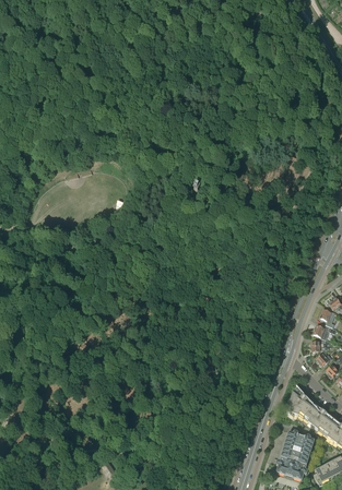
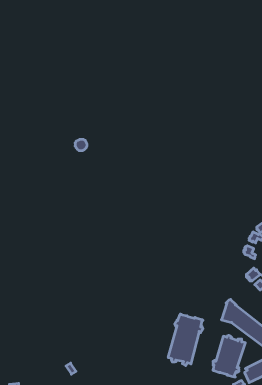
building: none -> [168,314,203,366]

